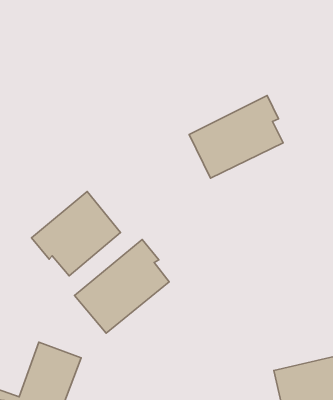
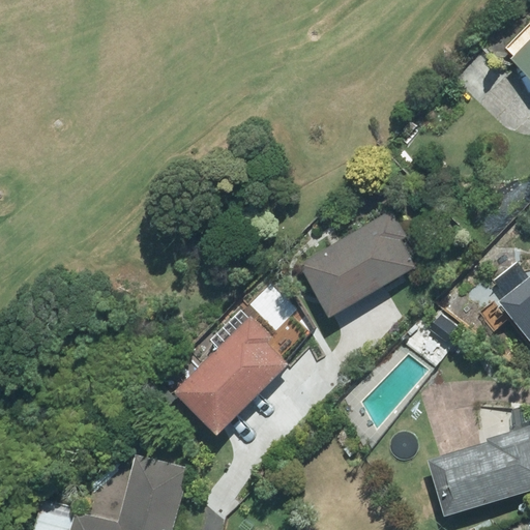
building: [189,96,283,178] -> [300,210,416,318]
building: [32,192,120,276] -> none

